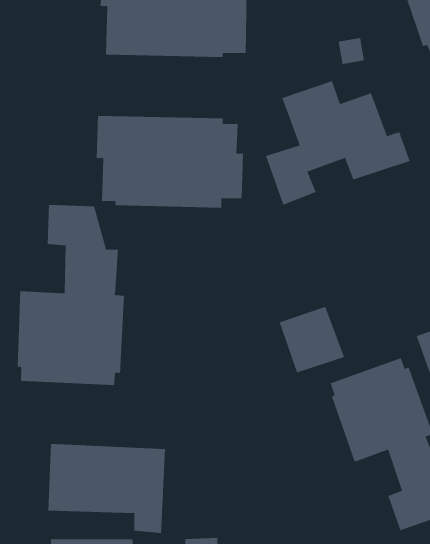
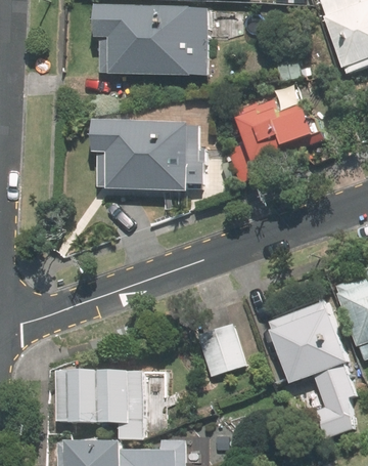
building: [17,204,124,386] -> none
building: [279,306,345,373] -> [194,324,244,375]

